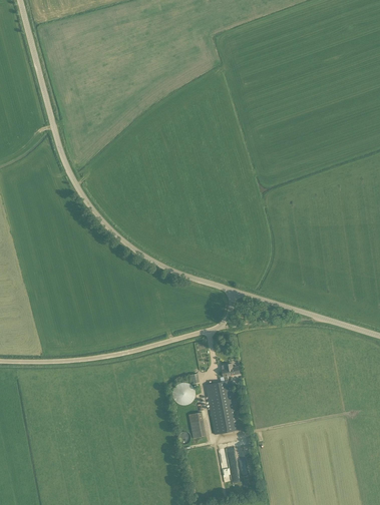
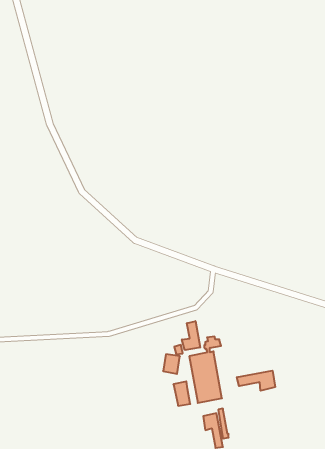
building: none -> [182,321,200,350]
building: none -> [237,371,275,391]

